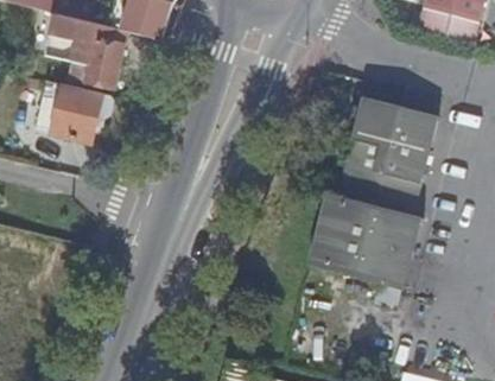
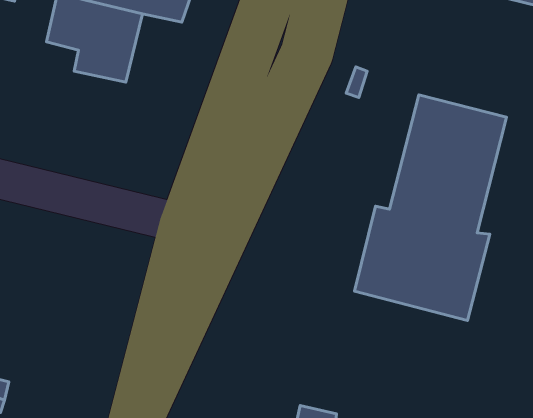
building: [38,80,109,140] -> none

